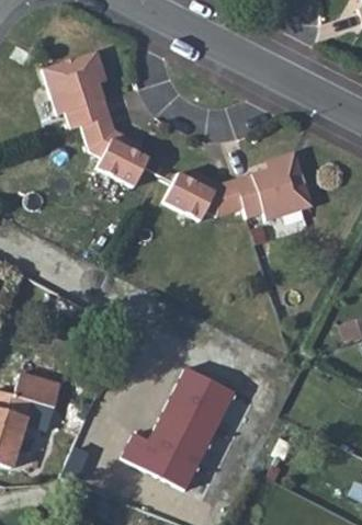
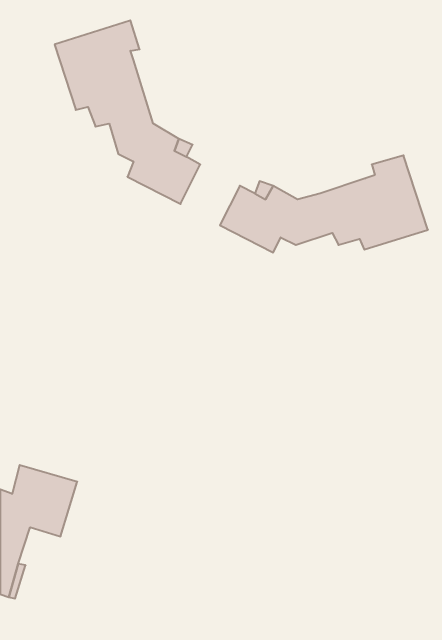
building: [120,368,236,490] -> none

